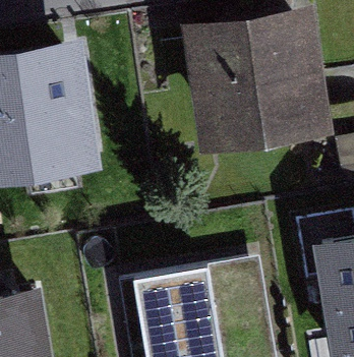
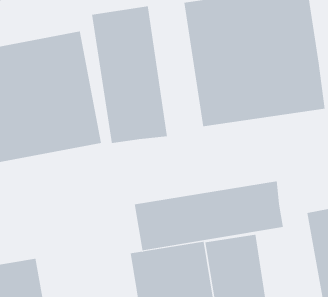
building: none -> [91,5,167,144]
building: none -> [134,181,283,251]

